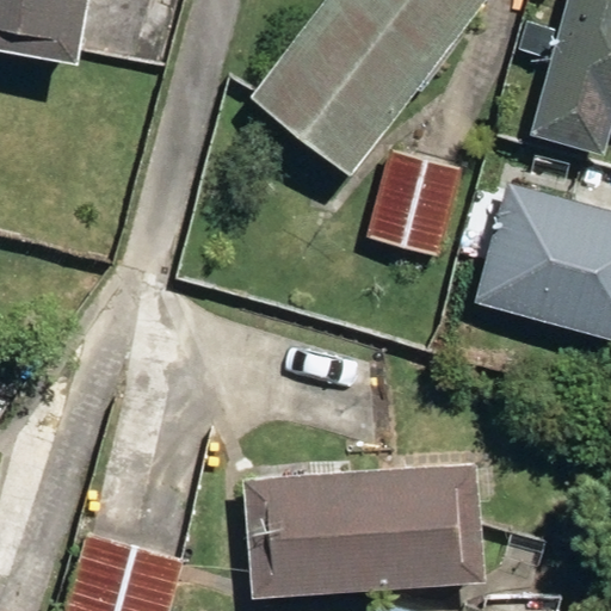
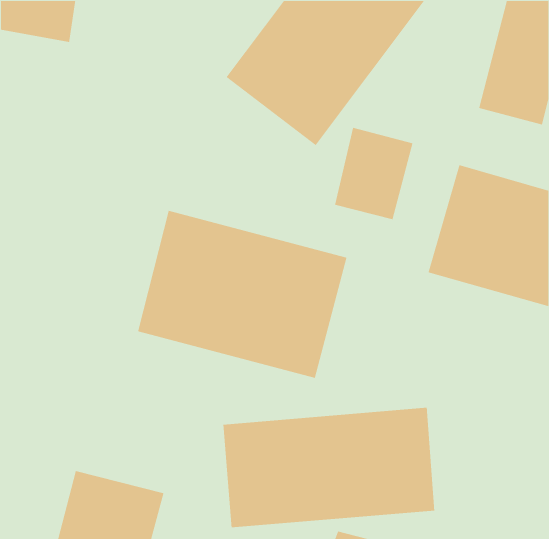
building: none -> [137,210,347,379]

